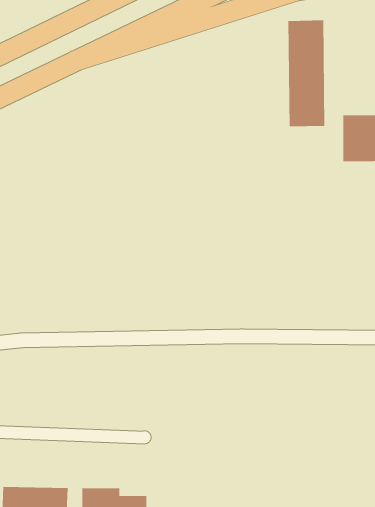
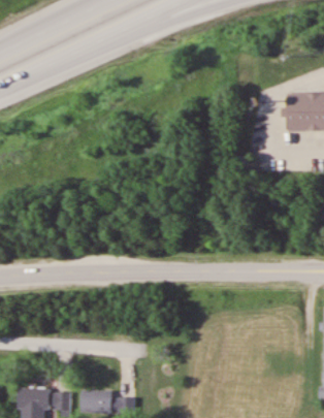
building: [288,20,325,127] -> none

